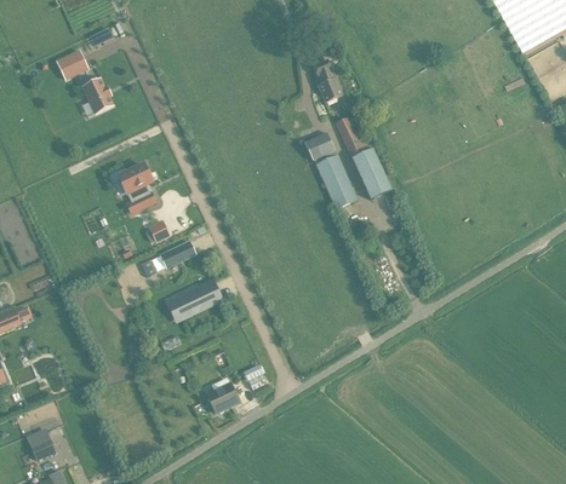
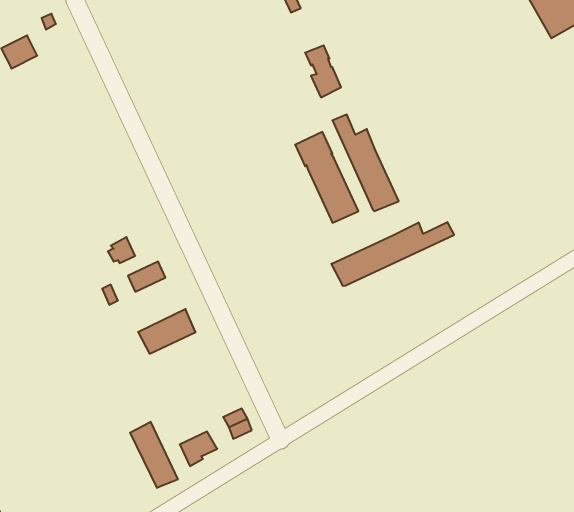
building: [82,79,113,113] -> none
building: [119,165,155,213] -> none
building: none -> [331,222,454,286]
building: none -> [130,422,178,488]

